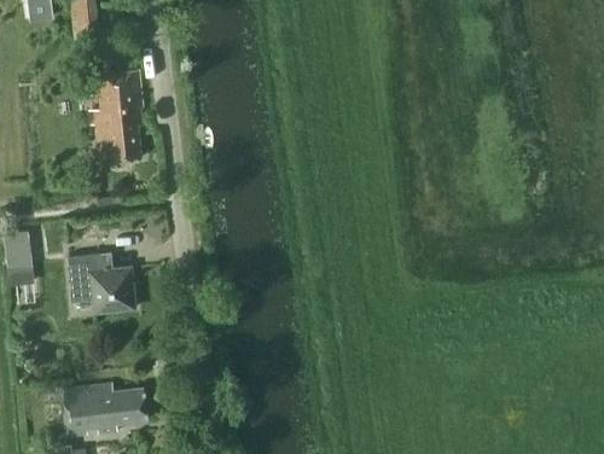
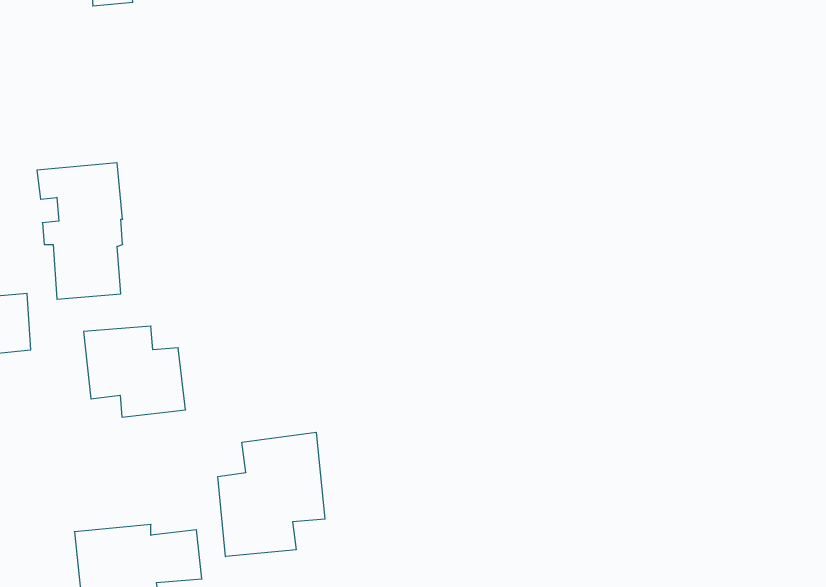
building: [86,72,143,163] -> [37,163,123,299]
building: none -> [218,432,325,557]

